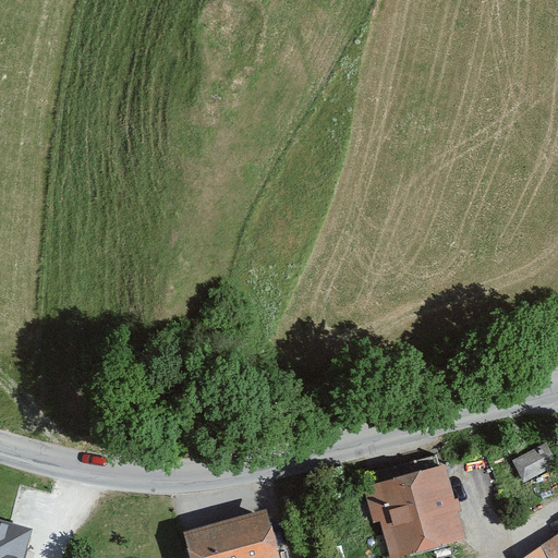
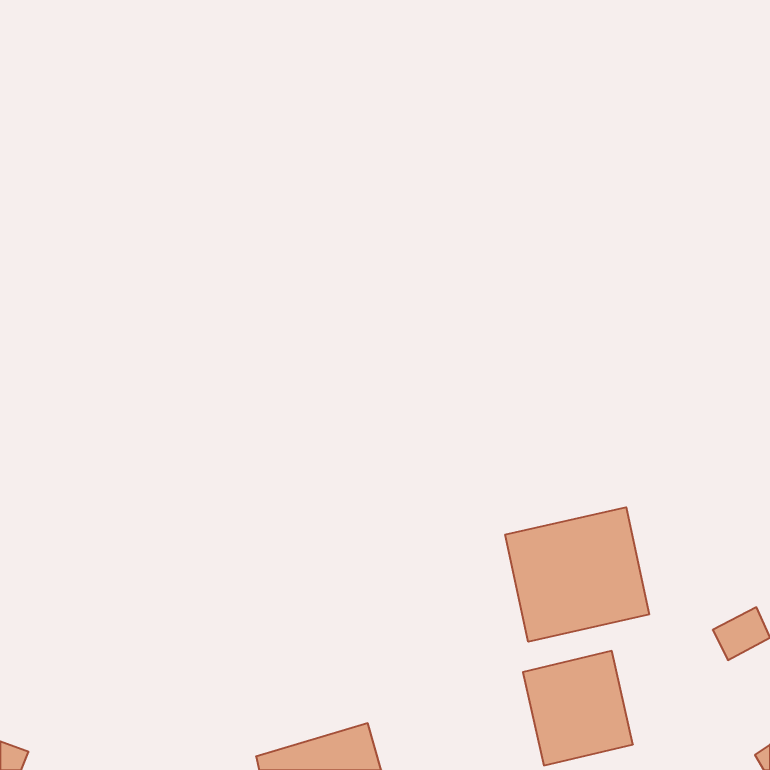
building: none -> [505,507,649,642]

